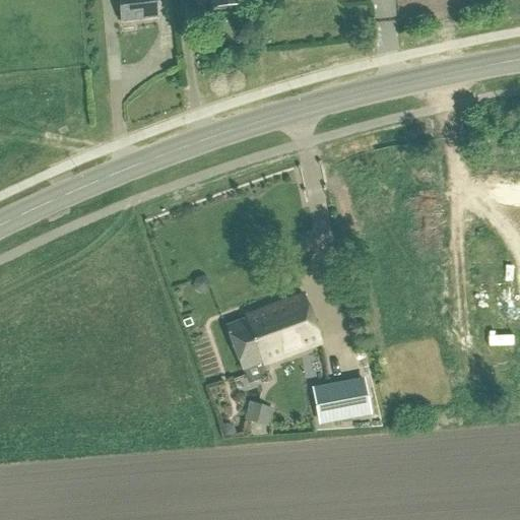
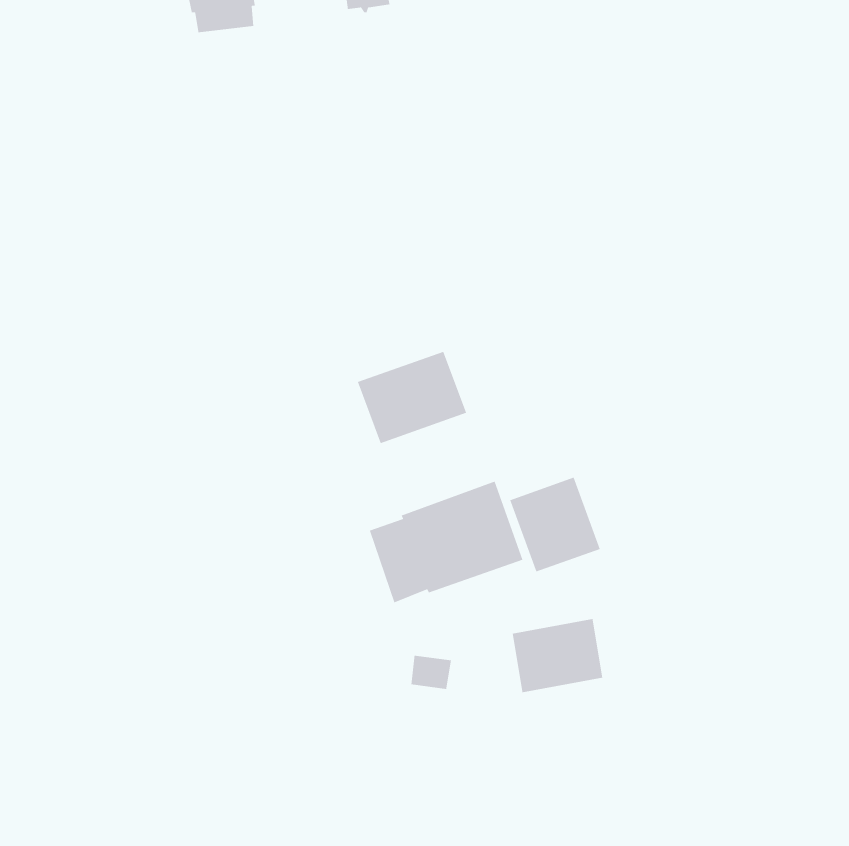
building: none -> [357,351,467,444]
building: none -> [509,477,601,573]

